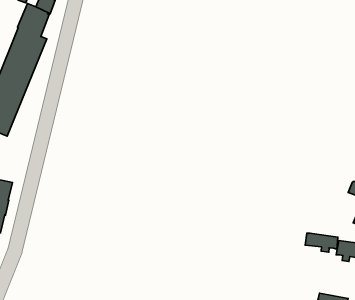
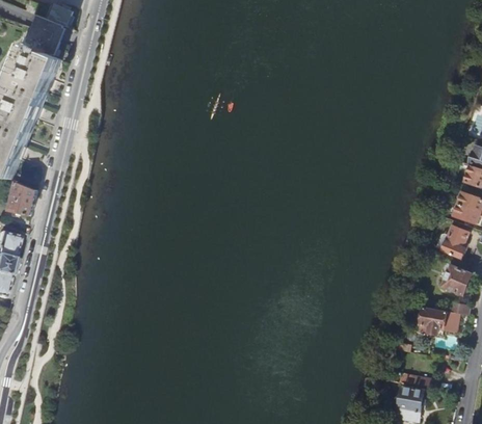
building: none -> [8,180,35,213]
building: [305,233,338,252] -> none

